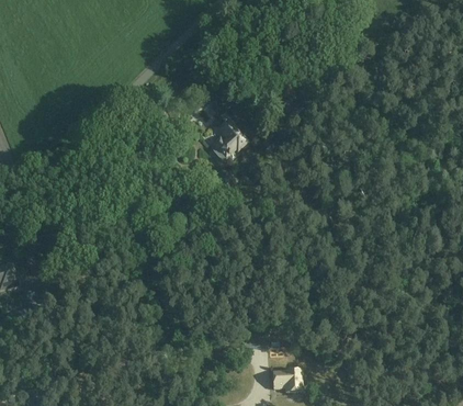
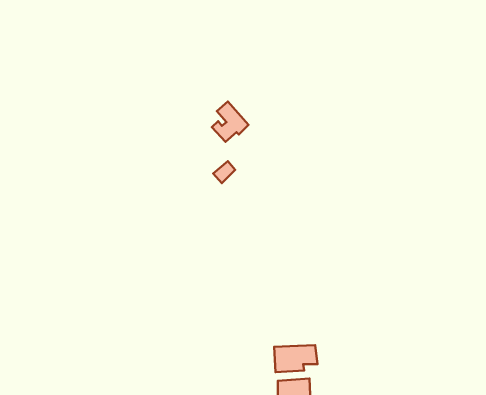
building: none -> [274,345,318,372]

